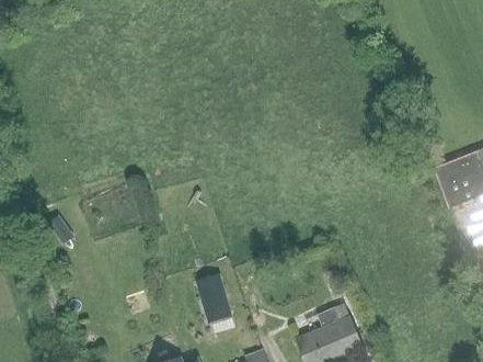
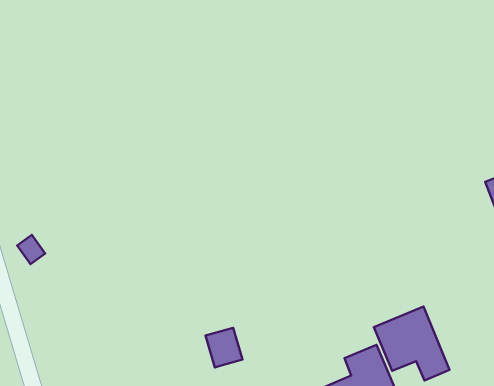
building: none -> [374,307,450,380]

